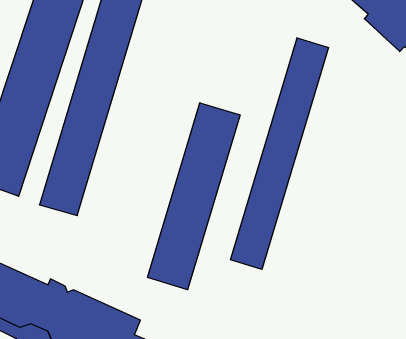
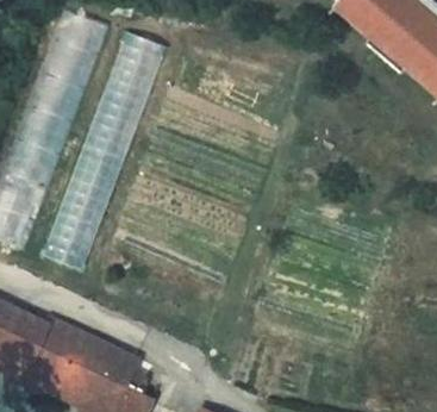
building: [230,38,328,269] -> none
building: [147,103,240,290] -> none

